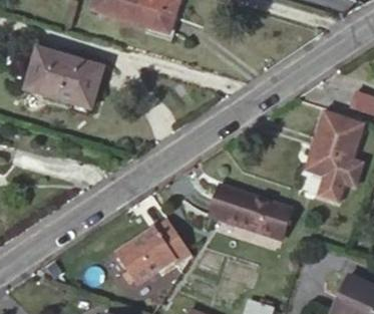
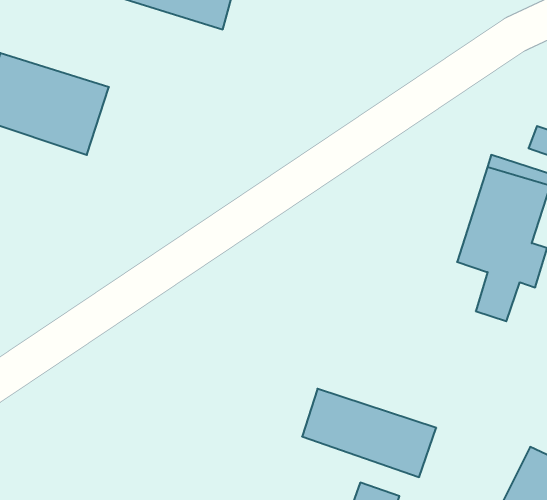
building: [214,188,293,240] -> [302,389,436,477]
building: [120,232,176,283] -> none

